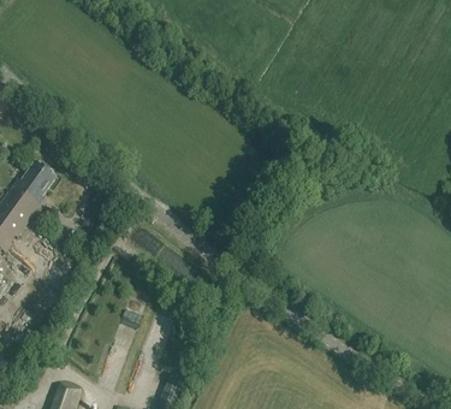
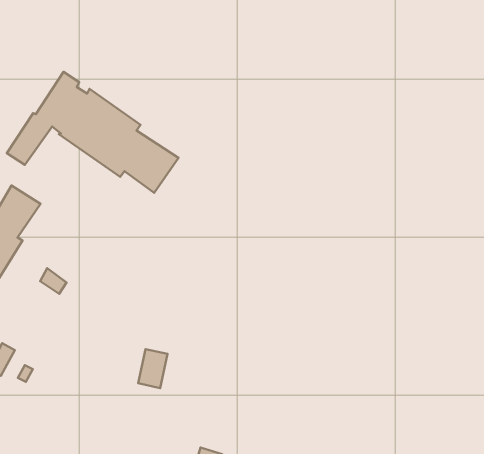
building: none -> [7,72,178,193]

